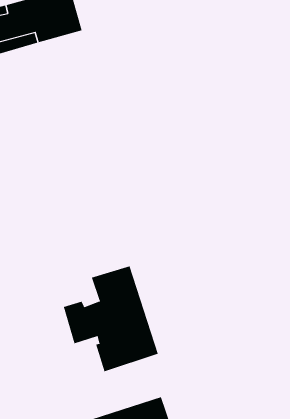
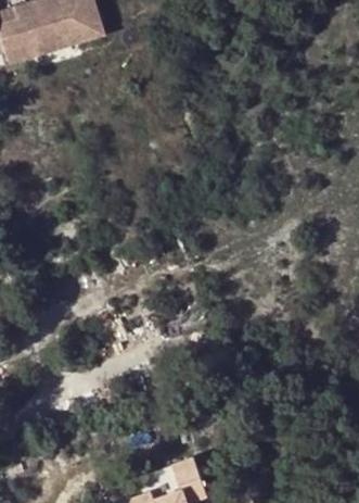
building: [63,266,158,372] -> none

